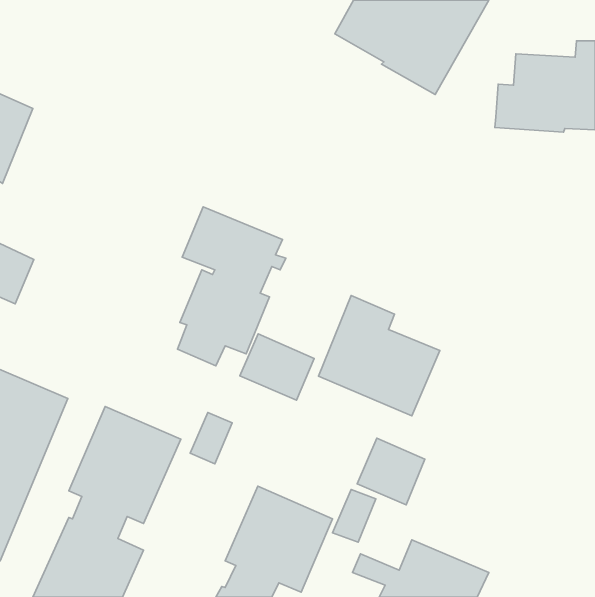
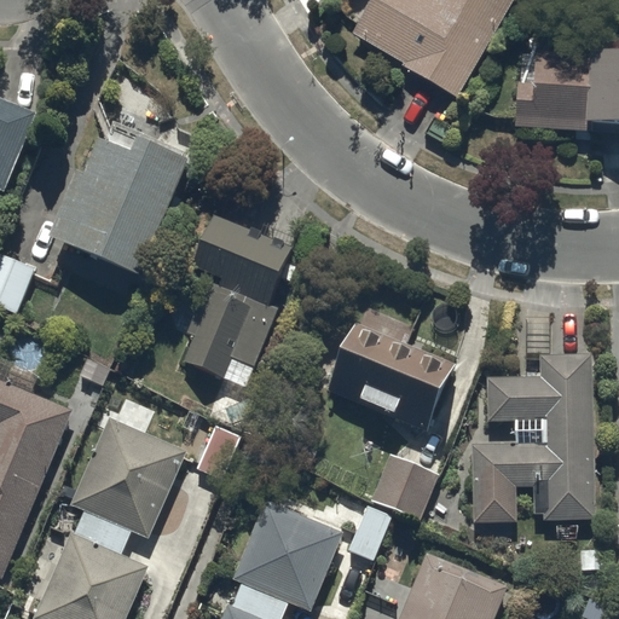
building: none -> [47,121,189,272]
building: [240,334,314,400] -> none
building: none -> [469,352,594,521]

